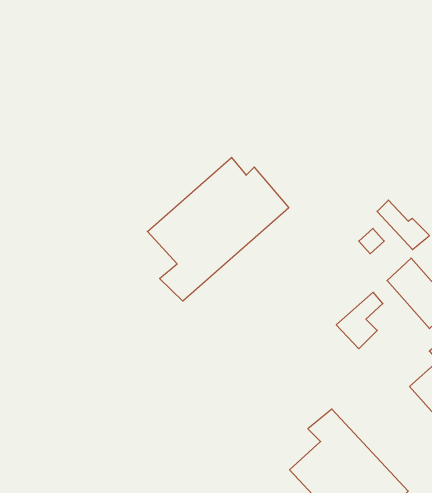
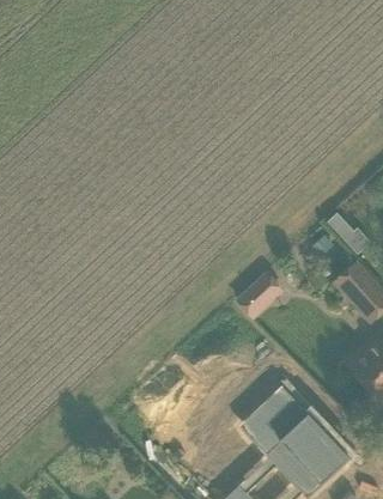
building: [147,157,289,301] -> none
building: [336,292,383,349] -> [235,272,274,320]

